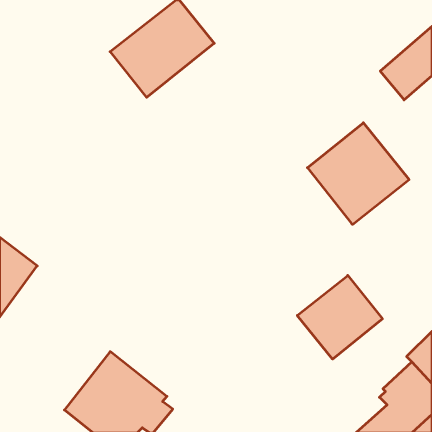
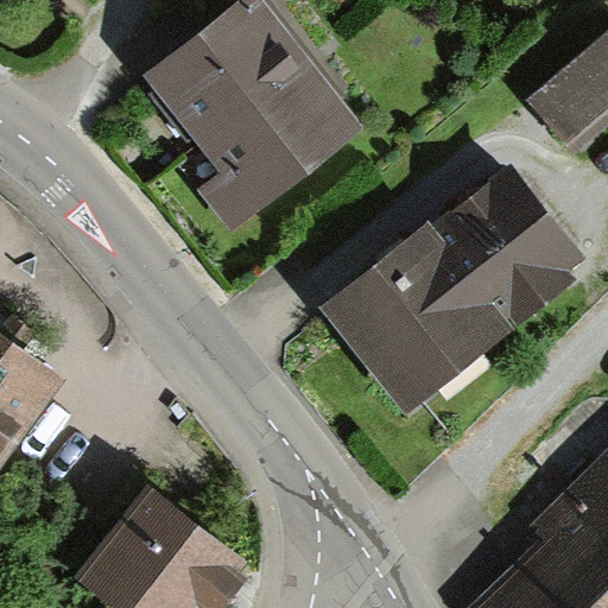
building: none -> [205,62,352,201]
building: none -> [331,230,493,390]
building: [297,275,382,359] -> none

